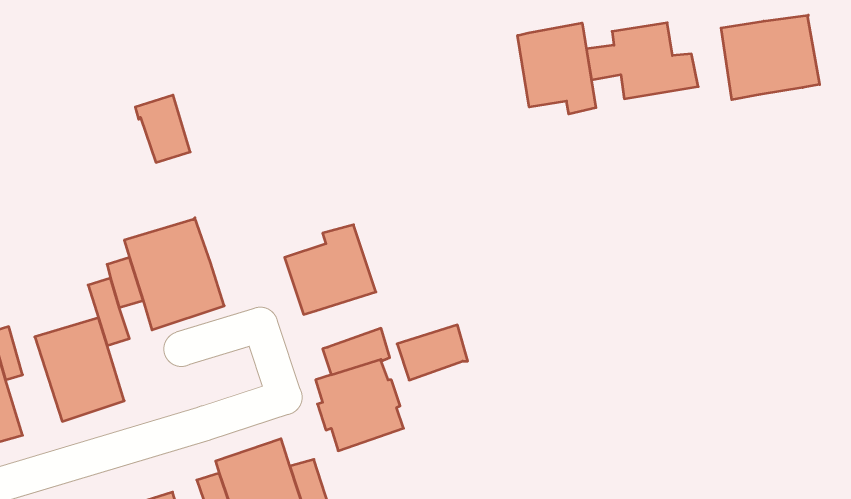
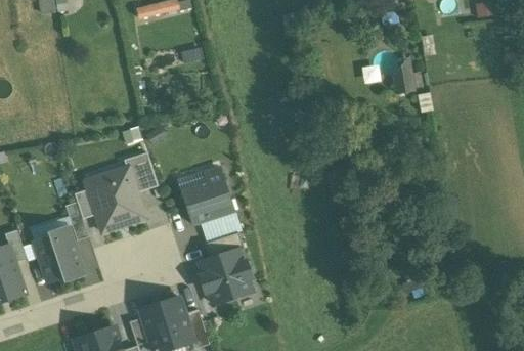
building: [721,15,820,100] -> none
building: [518,23,596,114] -> none
building: [135,95,190,162] -> [125,151,158,191]
building: [397,325,468,380] -> [200,209,242,242]

